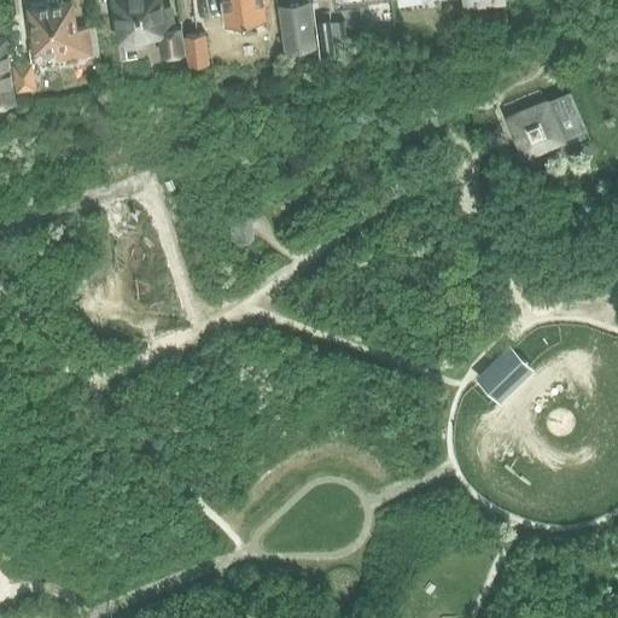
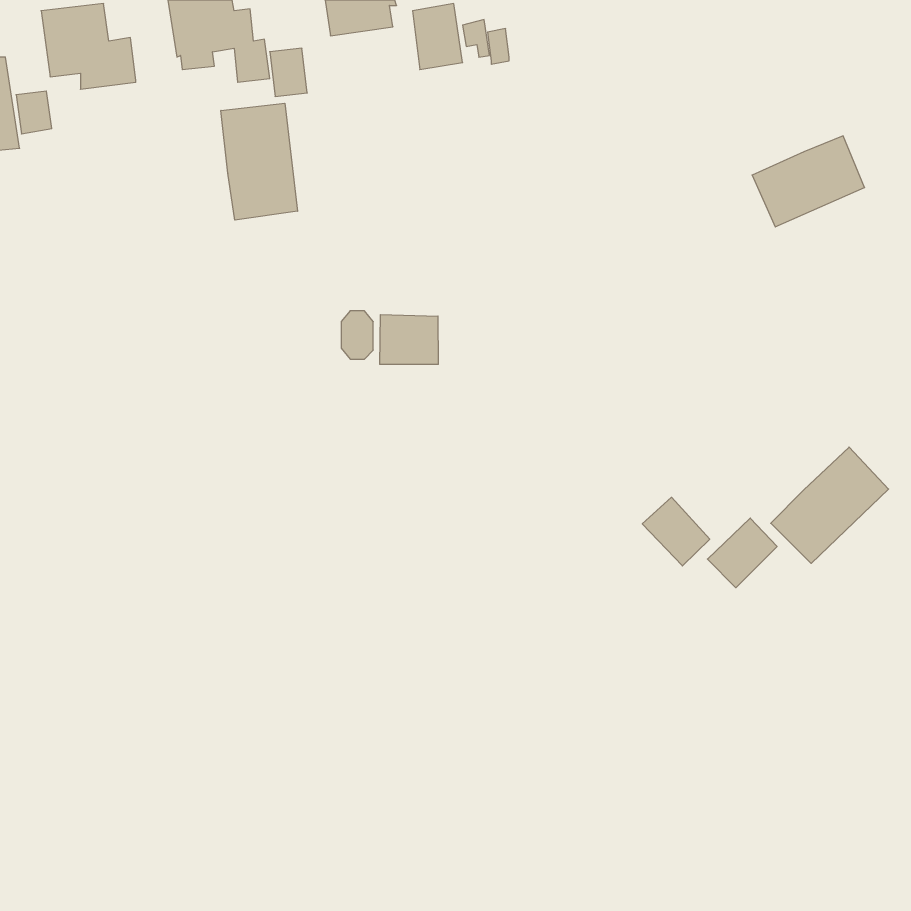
building: none -> [221,103,298,220]
building: none -> [380,315,438,364]
building: none -> [771,447,889,563]
building: none -> [642,497,710,566]

